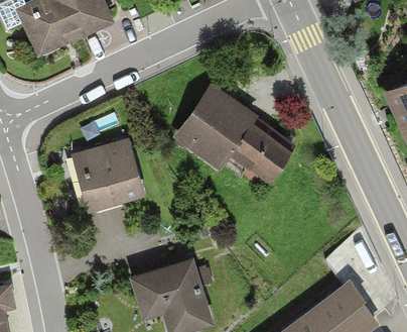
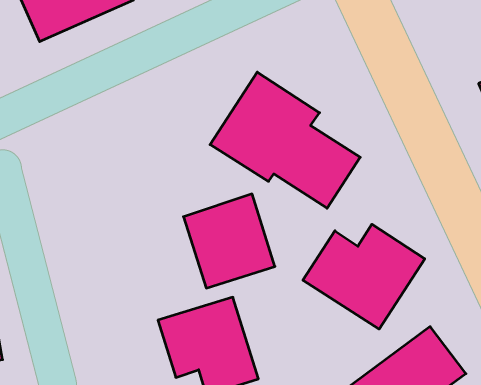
building: [73,139,145,214] -> [183,194,275,288]
building: none -> [303,224,425,329]

